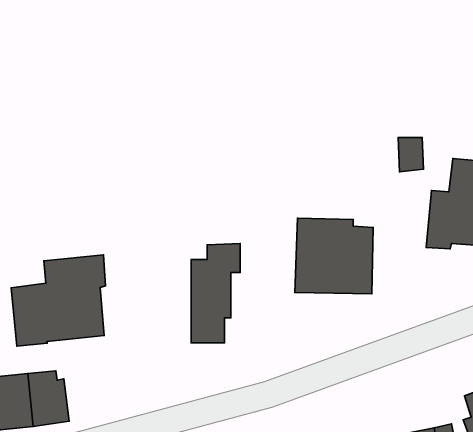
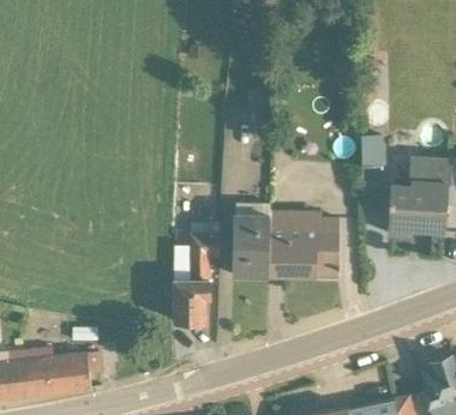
building: none -> [232,203,270,279]
building: [11,255,106,346] -> none
building: none -> [59,353,102,393]

